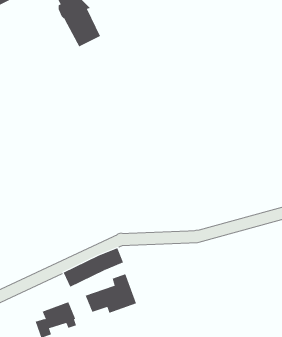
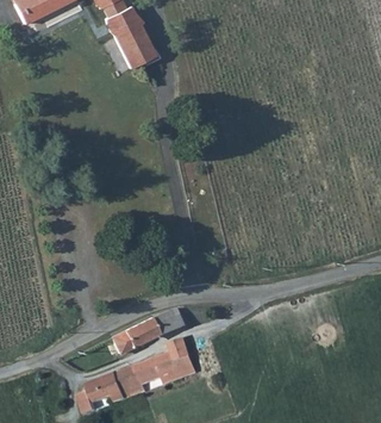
building: none -> [119,363,149,399]

